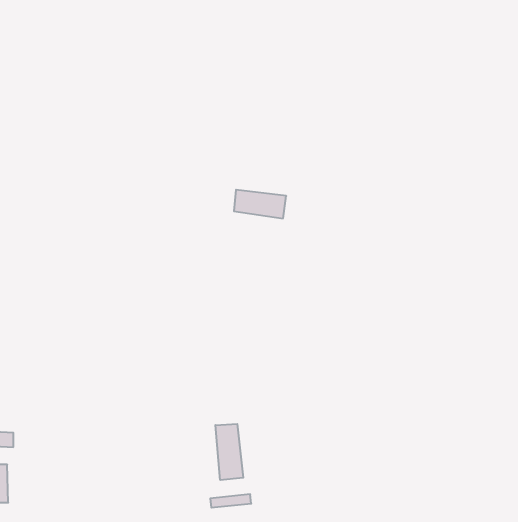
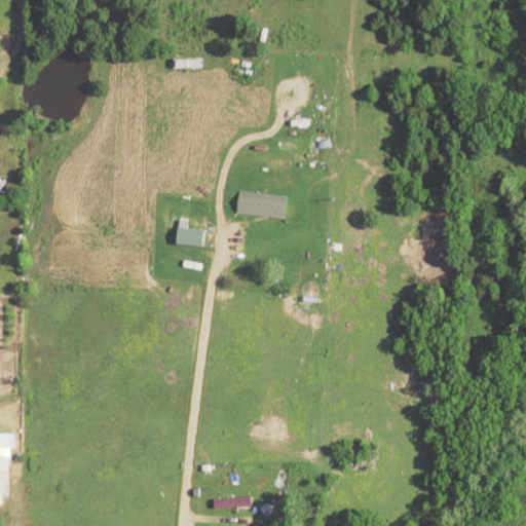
building: none -> [174,227,203,245]
building: [215,424,243,480] -> none

